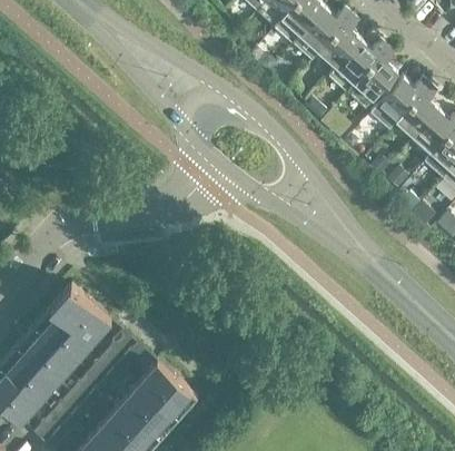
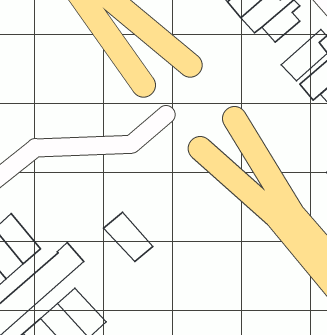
building: [329,39,388,92] -> none
building: [55,284,112,341] -> none
building: [139,361,199,416] -> [103,212,153,261]

